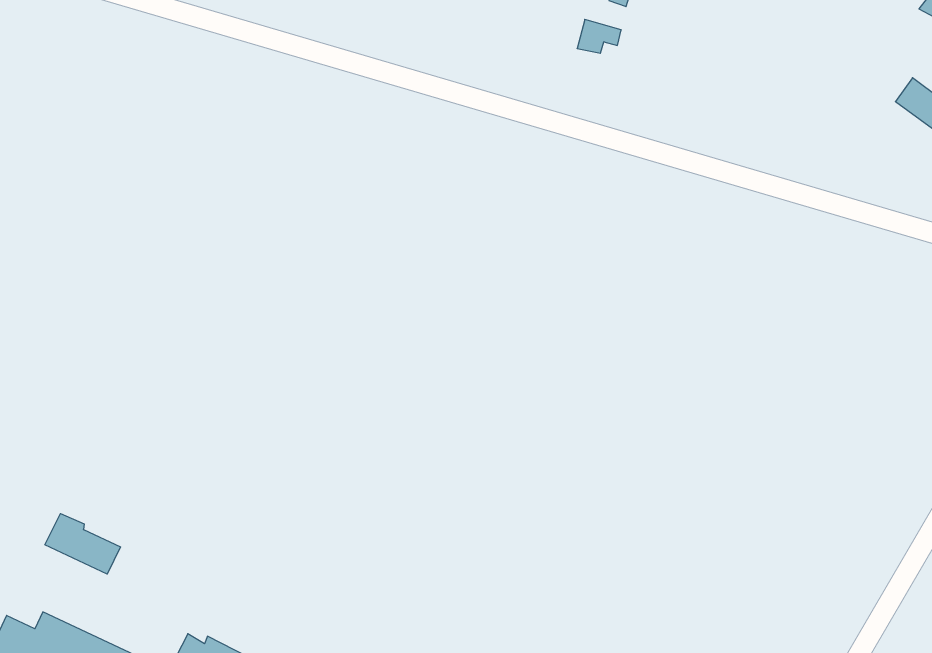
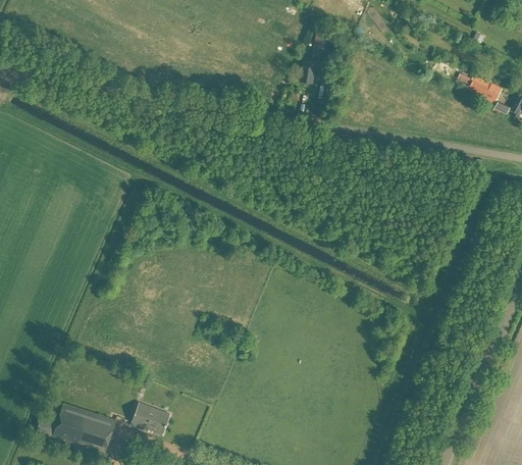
building: [45,514,121,574] -> none

